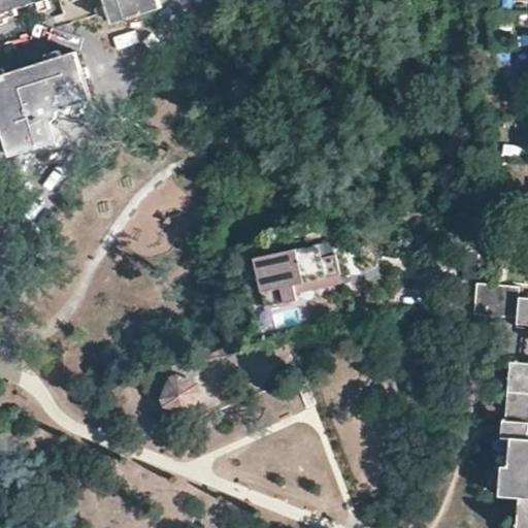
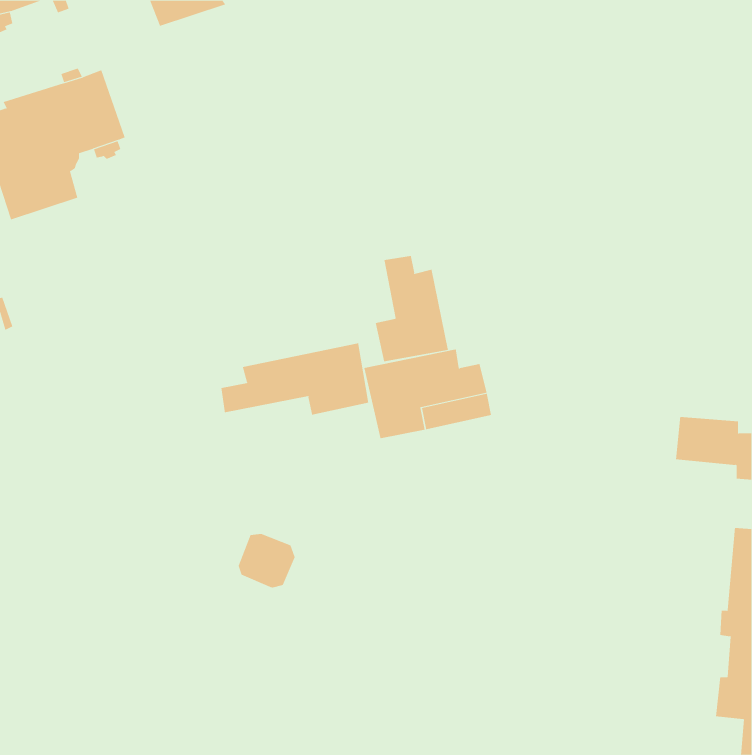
building: none -> [375,255,448,362]
building: none -> [221,343,369,415]

